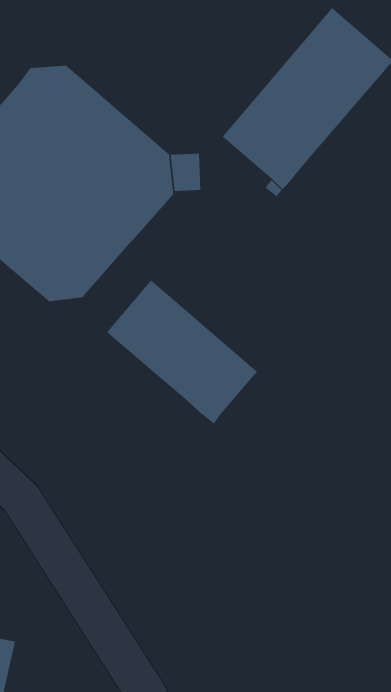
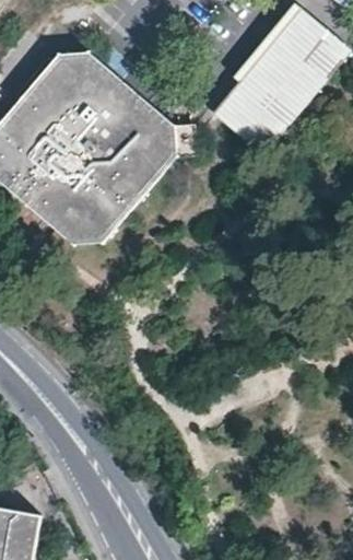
building: [106,279,258,424] -> none

